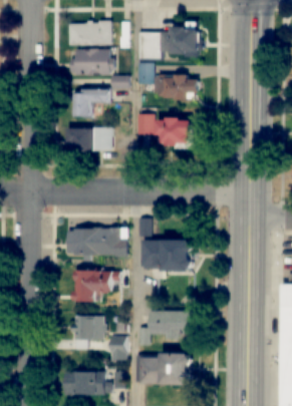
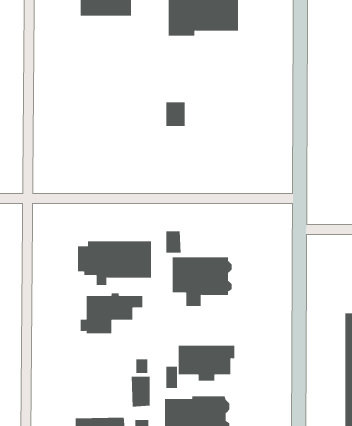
building: [71,50,110,75] -> none
building: [139,65,198,99] -> none
building: [72,90,109,117] -> none
building: [158,116,196,150] -> none
building: [66,127,111,154] -> none
building: [71,316,106,351] -> none

